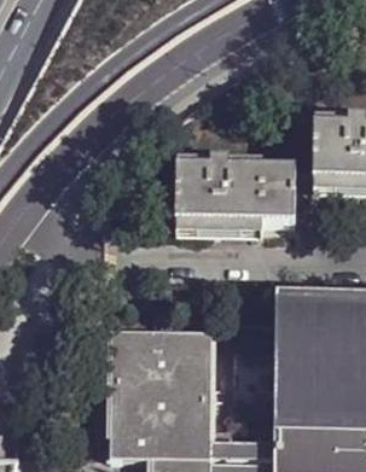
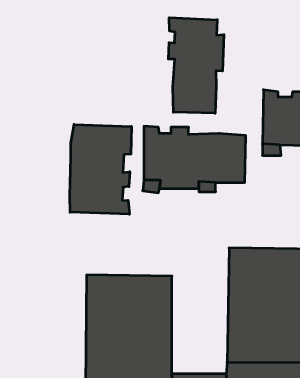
building: none -> [168,18,224,113]
building: none -> [70,124,131,214]

